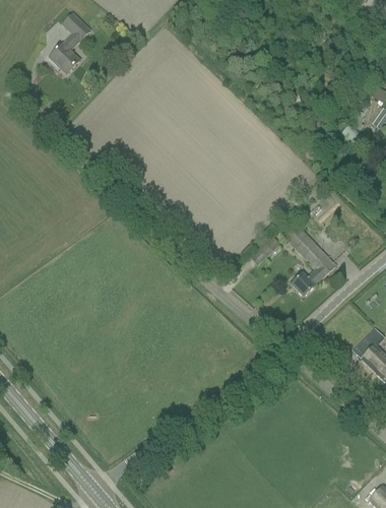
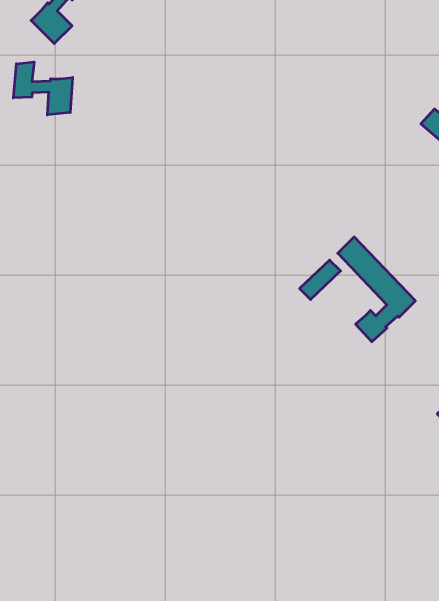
building: none -> [13,62,73,115]

